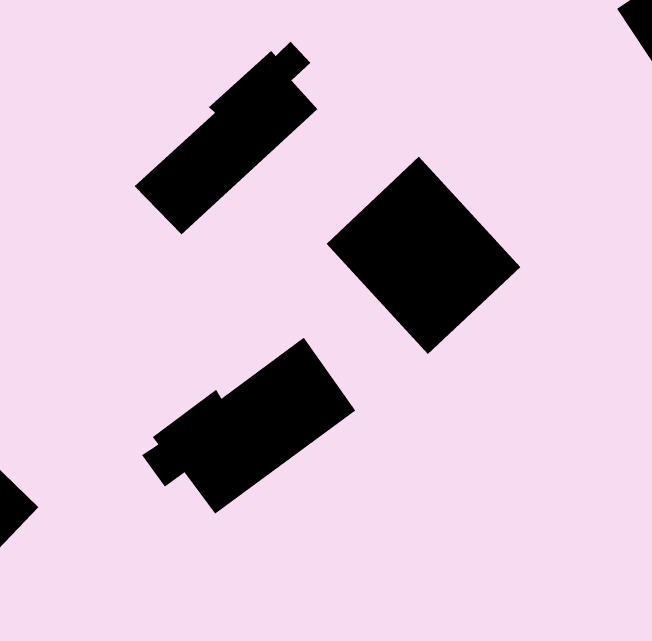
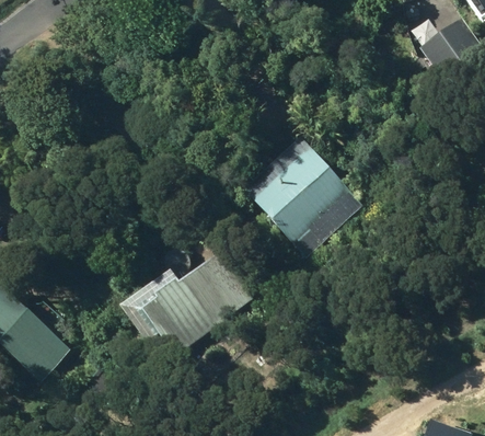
building: [134,41,318,235] -> none

